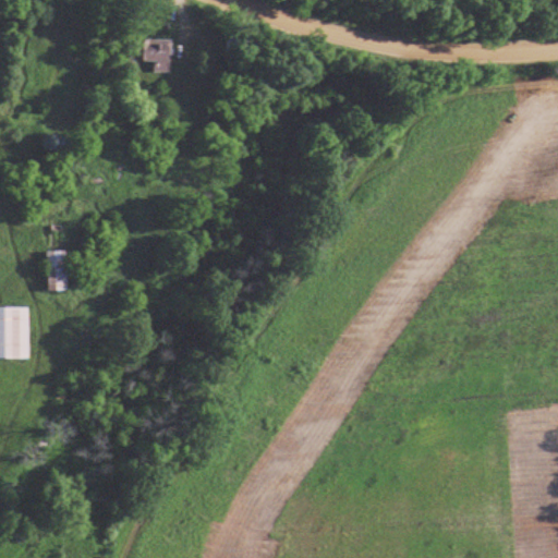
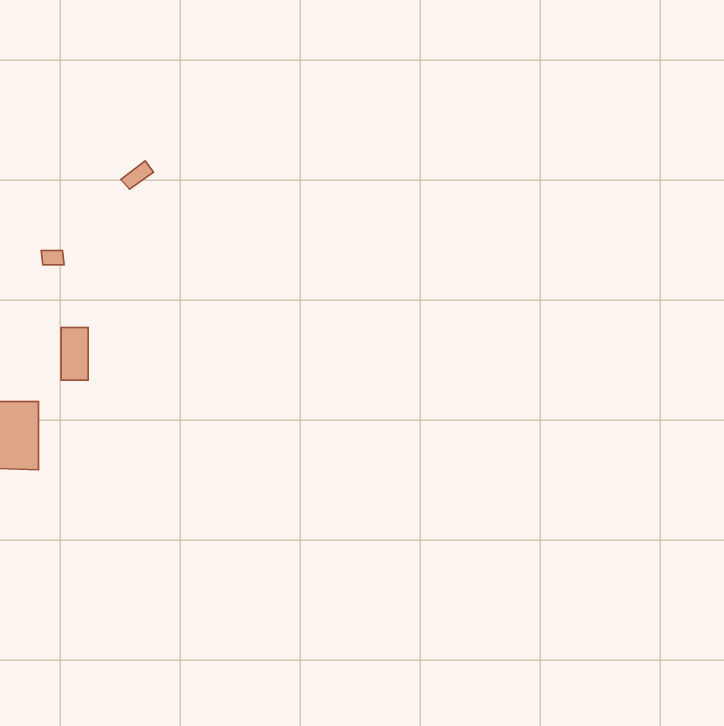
building: [138,38,174,71] -> none

